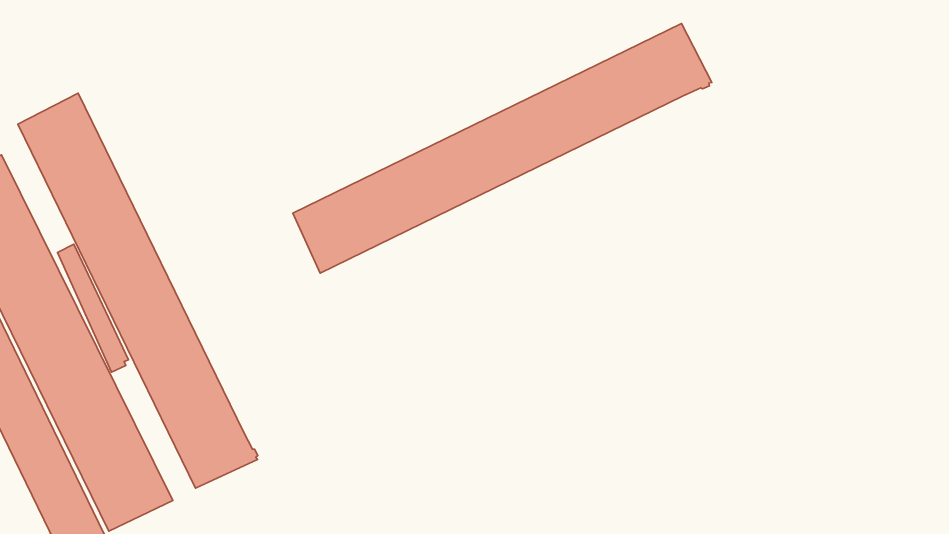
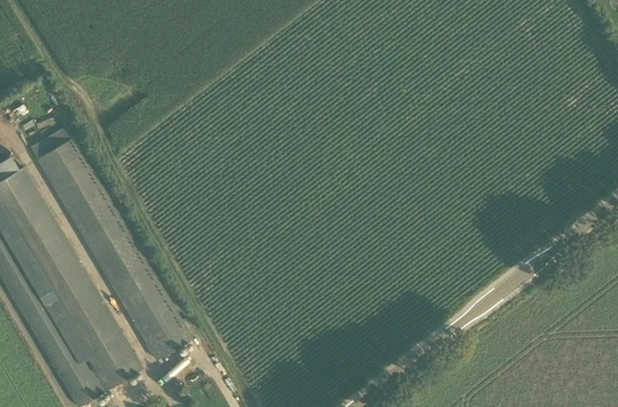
building: [293,23,712,273] -> none

